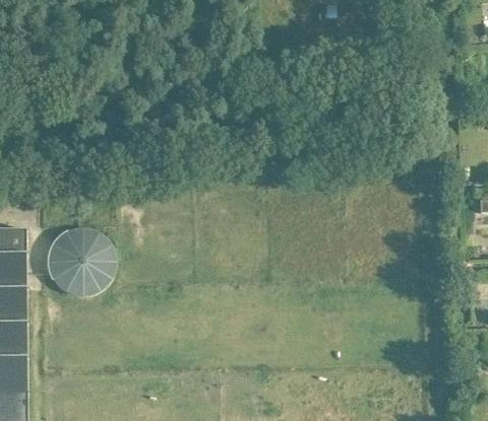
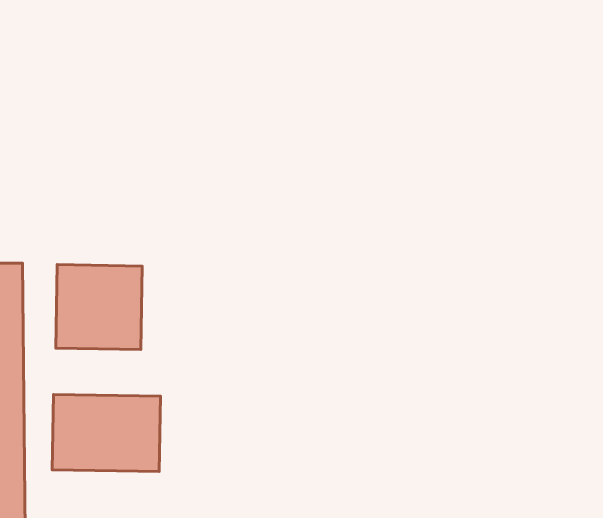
building: none -> [52,394,160,472]

